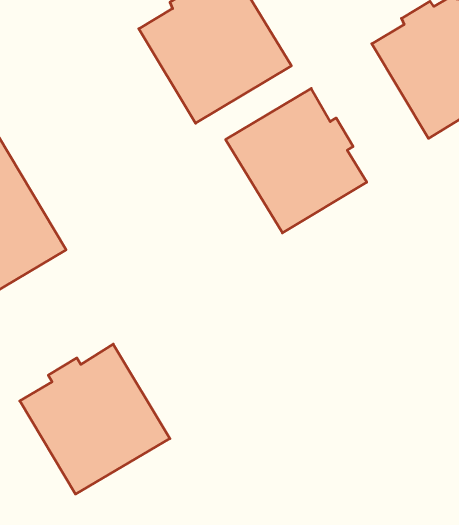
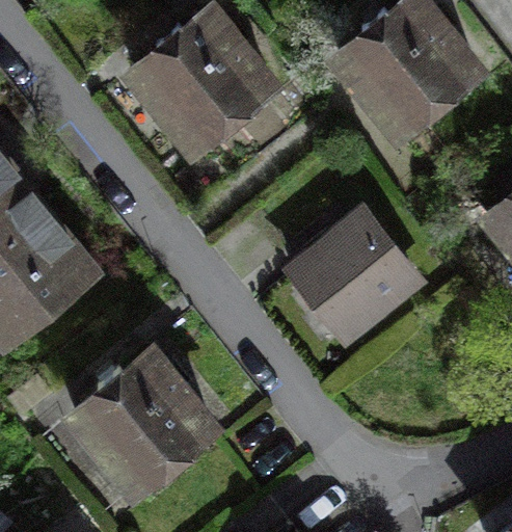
building: [226,88,367,233] -> none
building: none -> [296,221,415,340]

